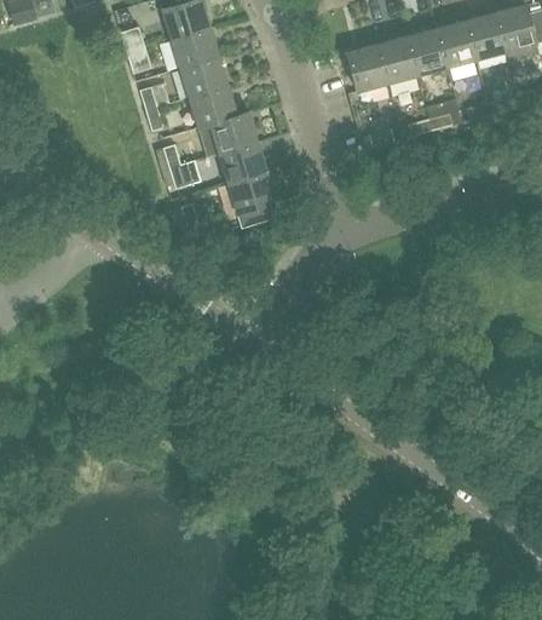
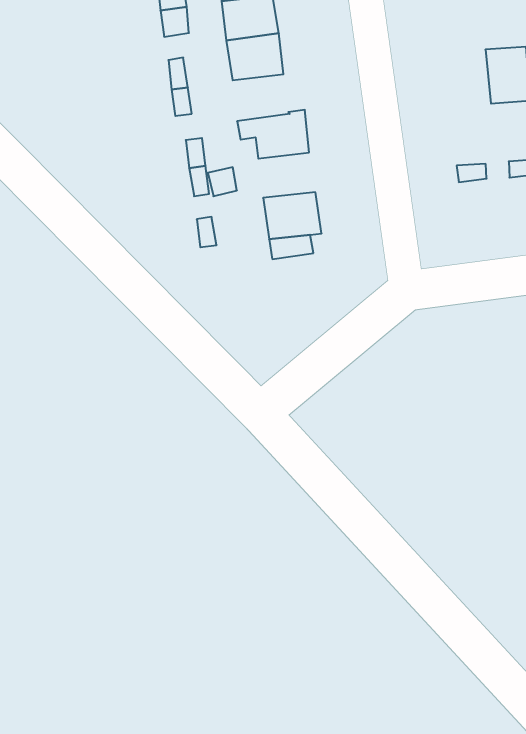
building: [346,42,387,91] -> none
building: [190,86,237,127] -> none
building: [219,142,266,182] -> none

